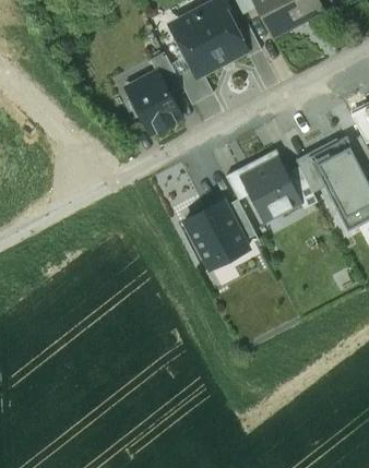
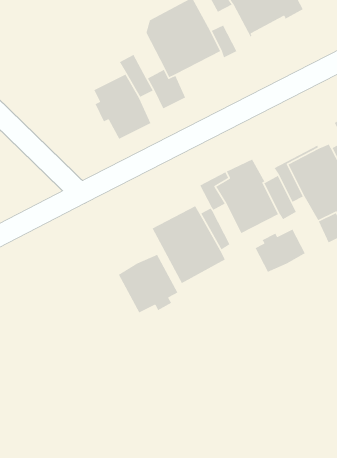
building: none -> [255,229,306,273]
building: none -> [118,254,178,314]

